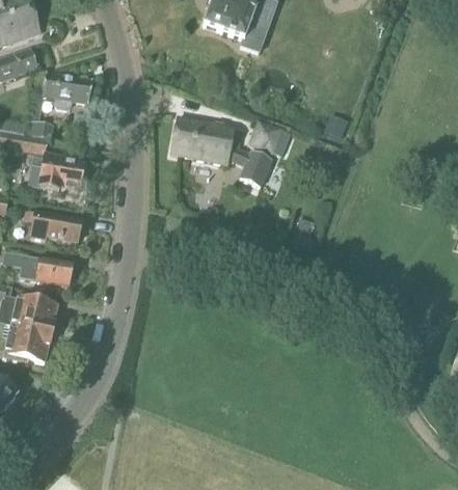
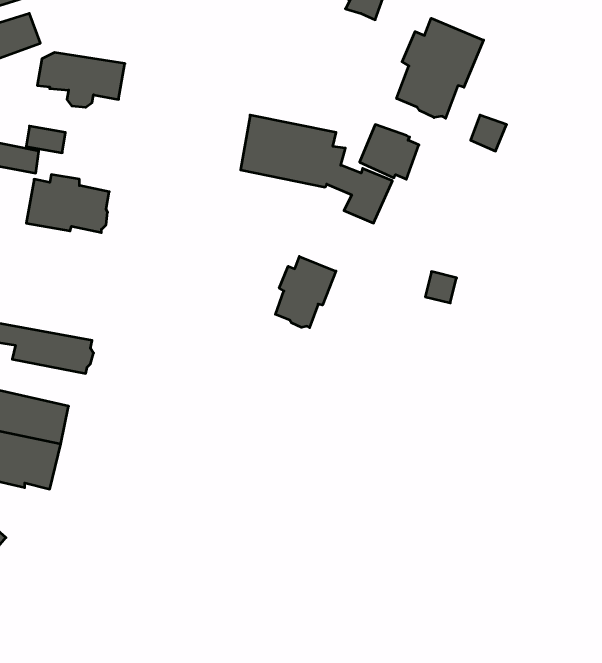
building: none -> [397,18,484,118]
building: none -> [275,256,336,328]
building: [27,212,82,243] -> none

